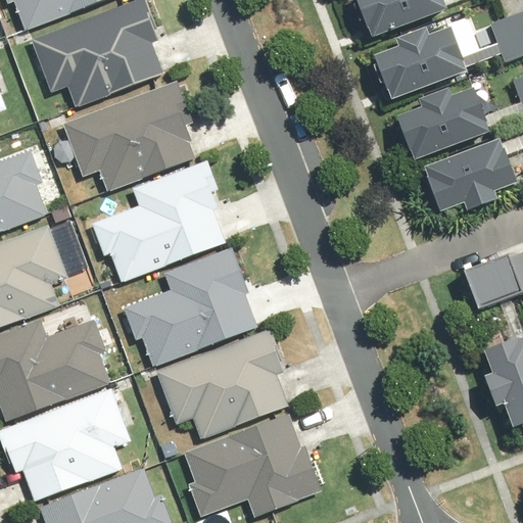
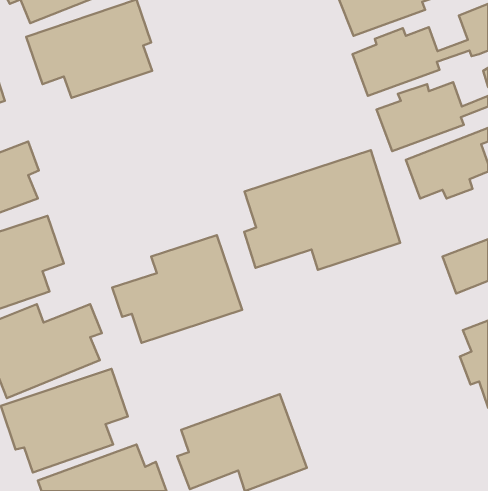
building: [64,84,196,189] -> none
building: none -> [244,150,400,270]
building: [90,168,227,281] -> none
building: [154,334,286,438] -> none

